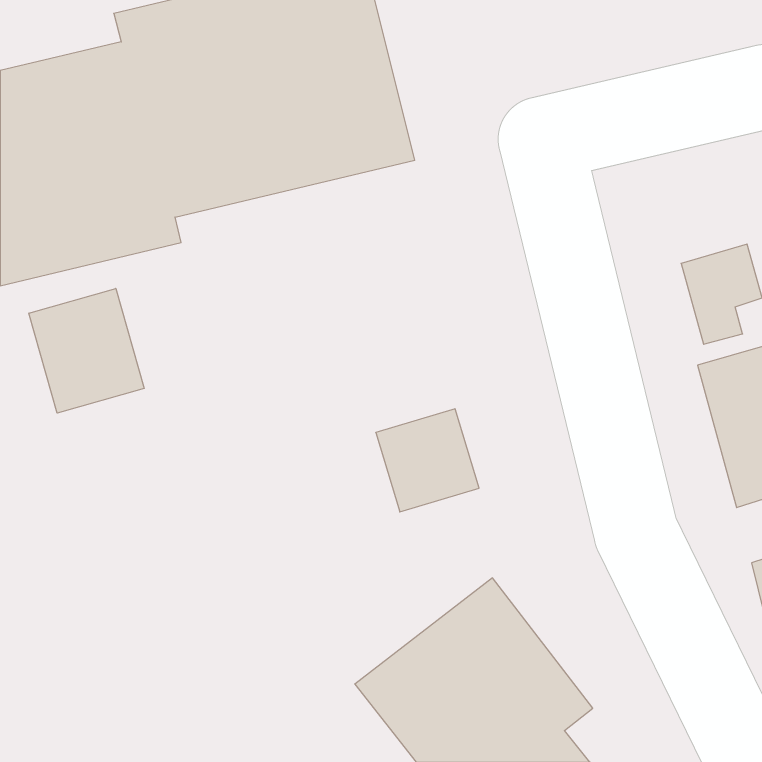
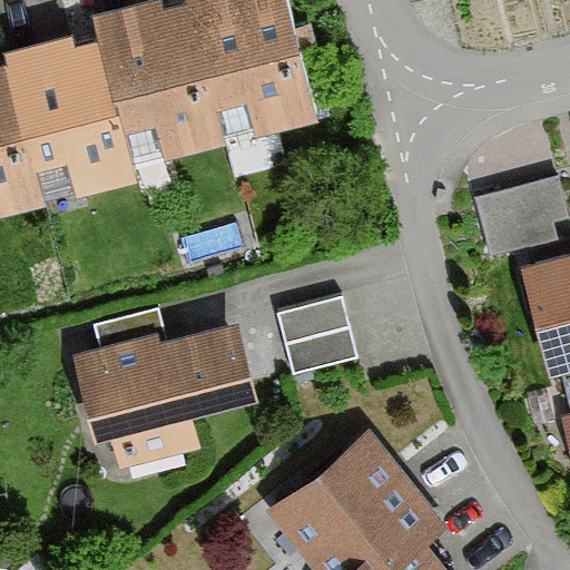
building: [29,288,144,413] -> none
building: none -> [71,324,254,470]

